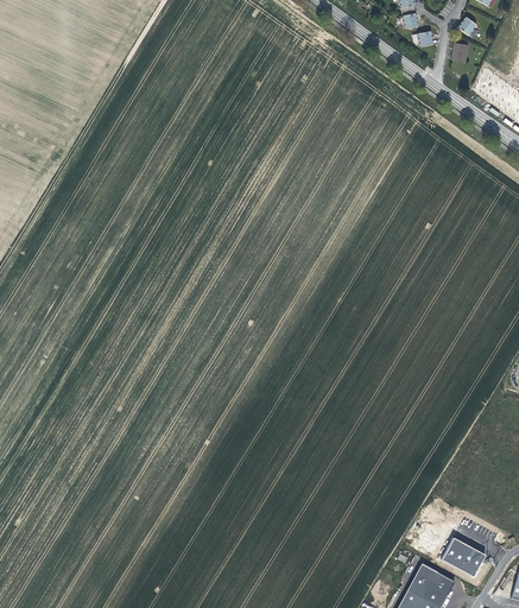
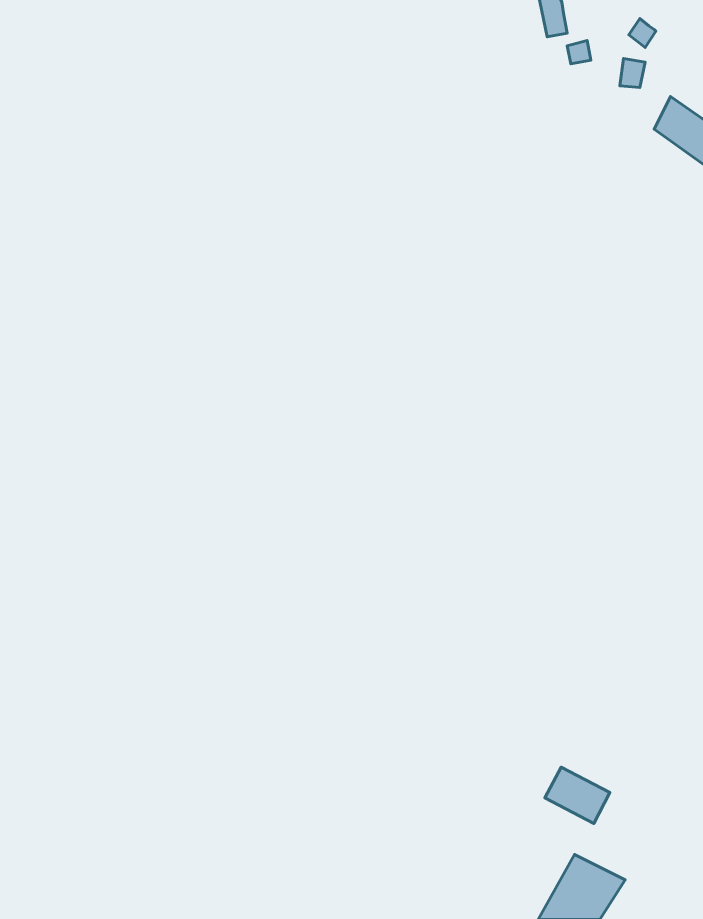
building: [444,539,487,576] -> [545,767,610,823]

